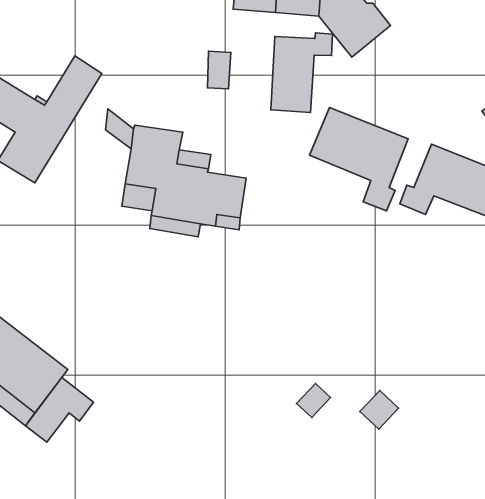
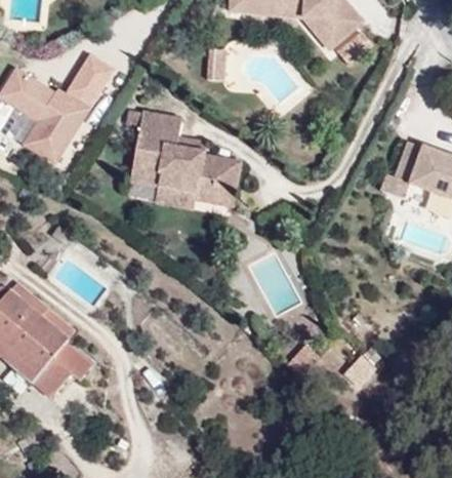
building: [271,33,333,113] -> none
building: [309,107,408,211] -> none

